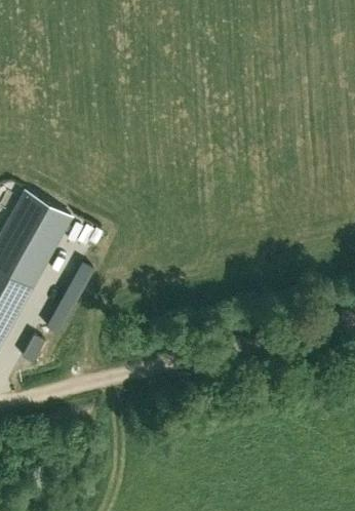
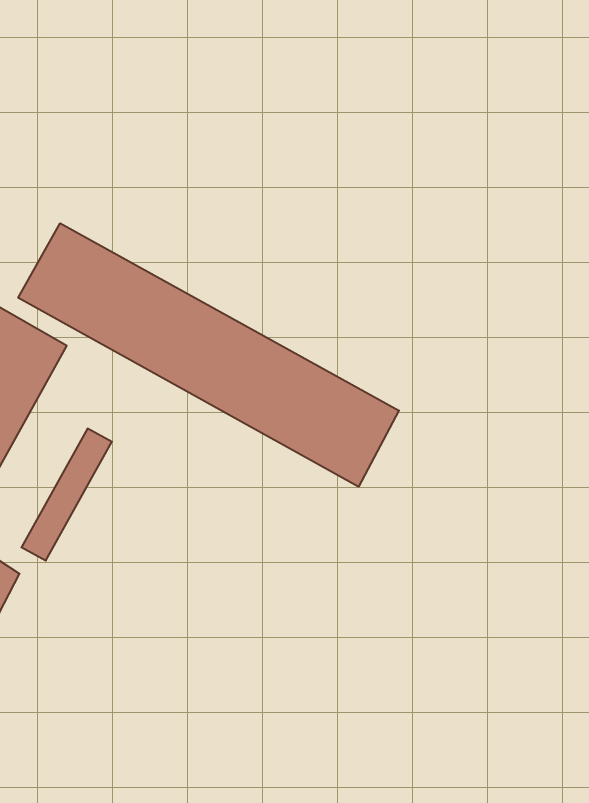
building: none -> [18,223,399,487]

